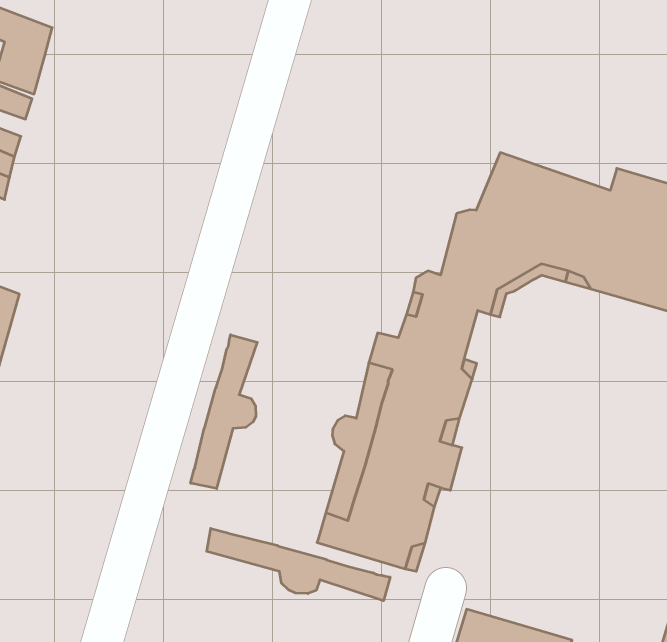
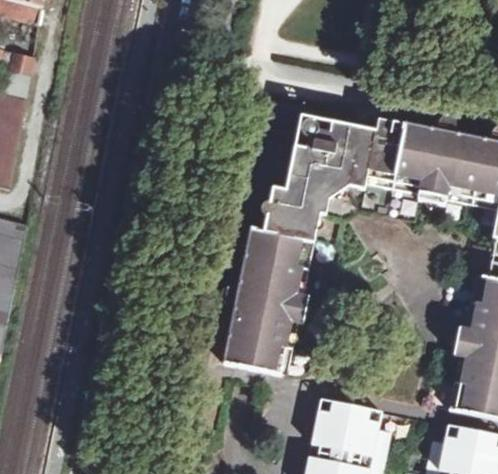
building: [191,335,257,489] -> none
building: [207,528,390,601] -> none

